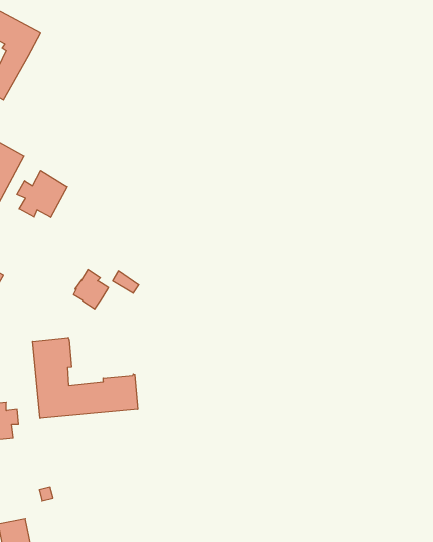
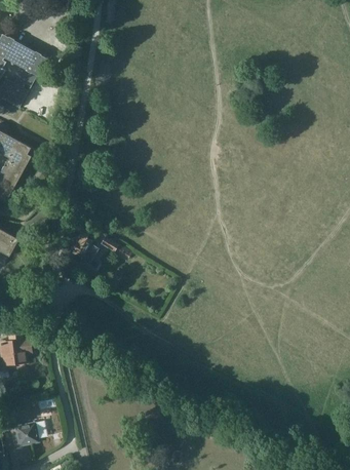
building: [17,171,67,217] -> none
building: [32,338,138,418] -> none

